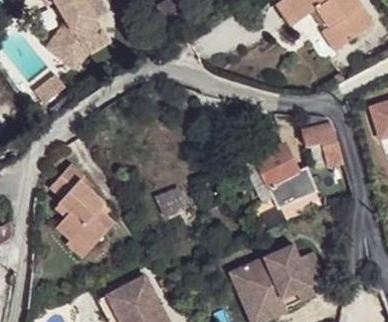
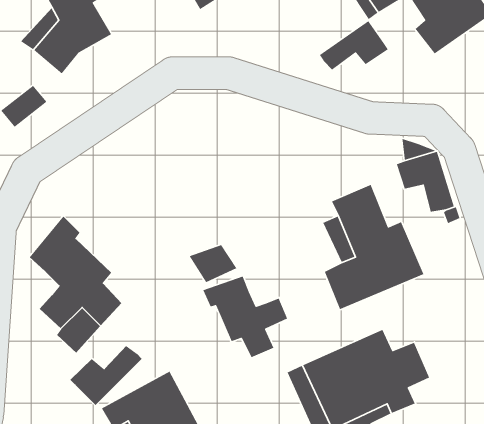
building: none -> [319,20,389,71]
building: none -> [202,276,288,358]
building: none -> [70,345,142,406]

